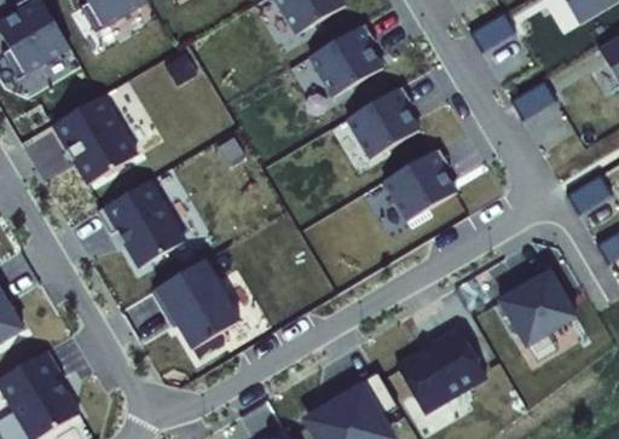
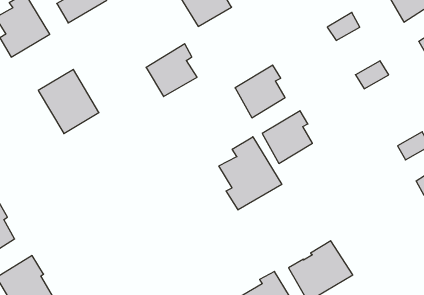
building: [291,29,361,102] -> [146,44,197,97]
building: [102,179,196,270] -> none
building: none -> [219,137,282,210]
building: [151,252,238,346] -> none
building: [504,273,582,354] -> none

